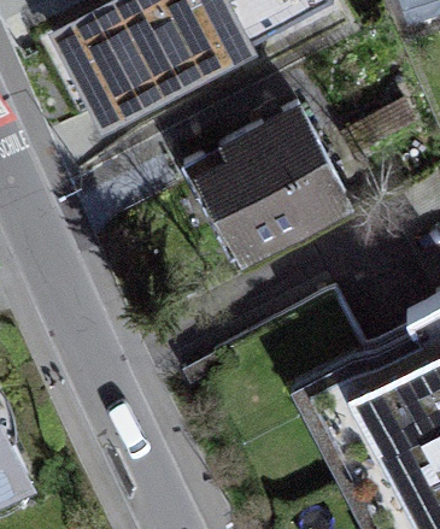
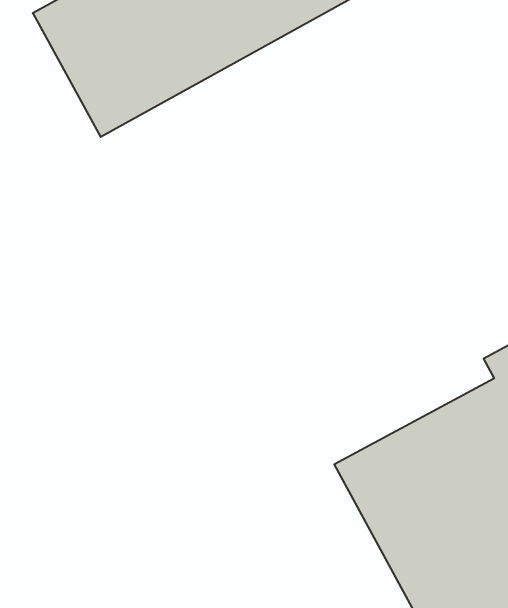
building: [186,101,351,258] -> none

